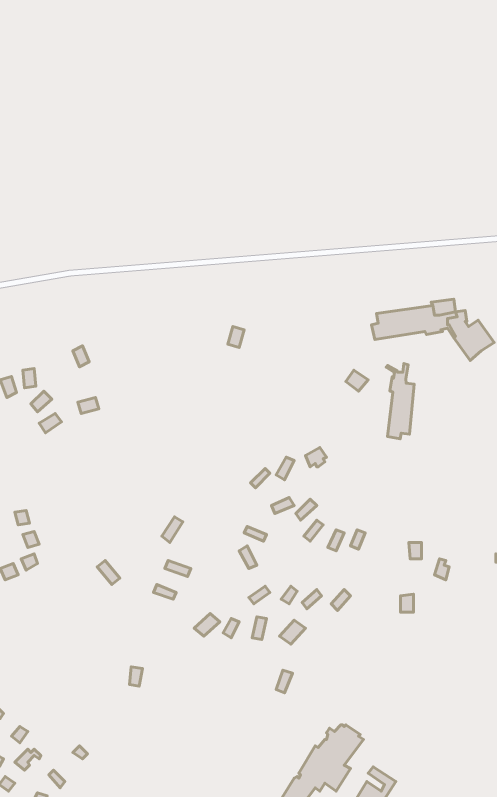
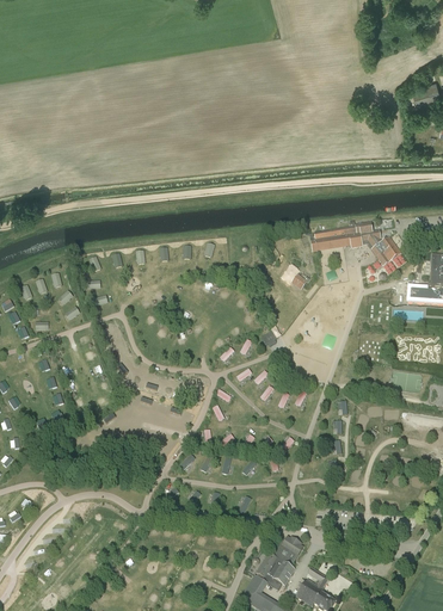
building: [386,363,414,439] -> none

